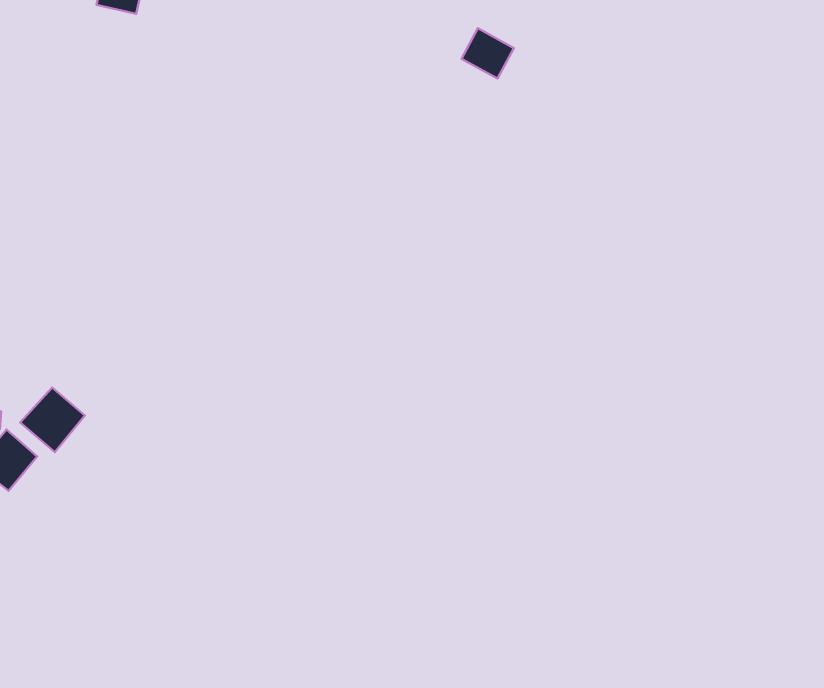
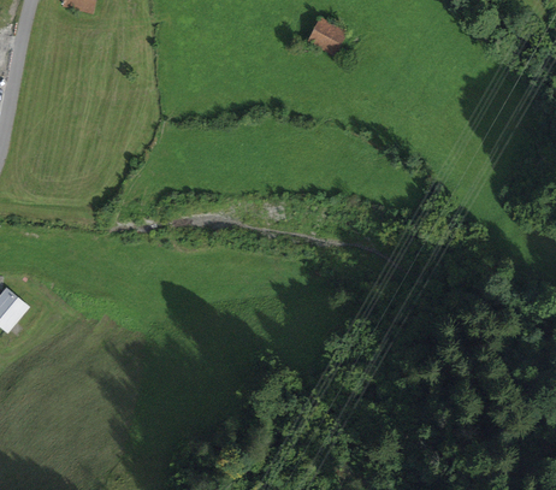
building: [20,388,85,452] -> none

